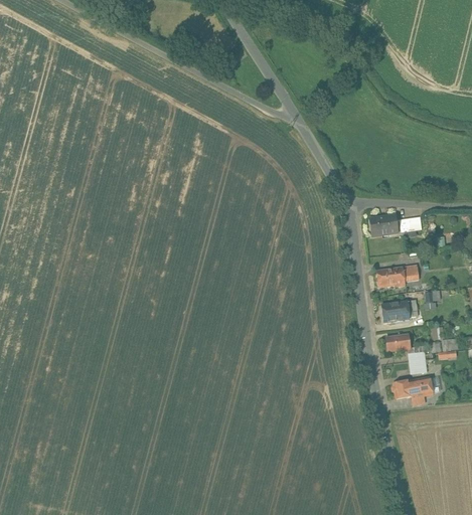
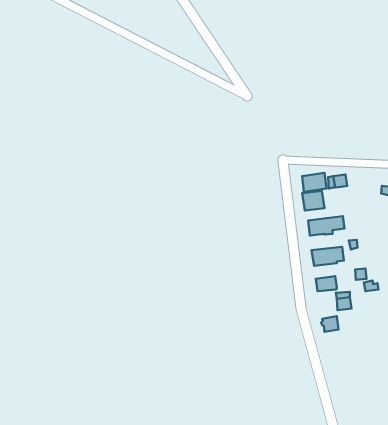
building: none -> [302,191,324,211]
building: [410,376,434,398] -> none

